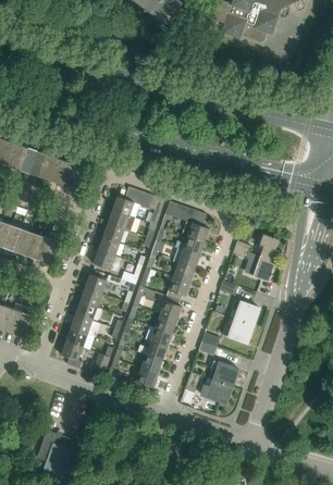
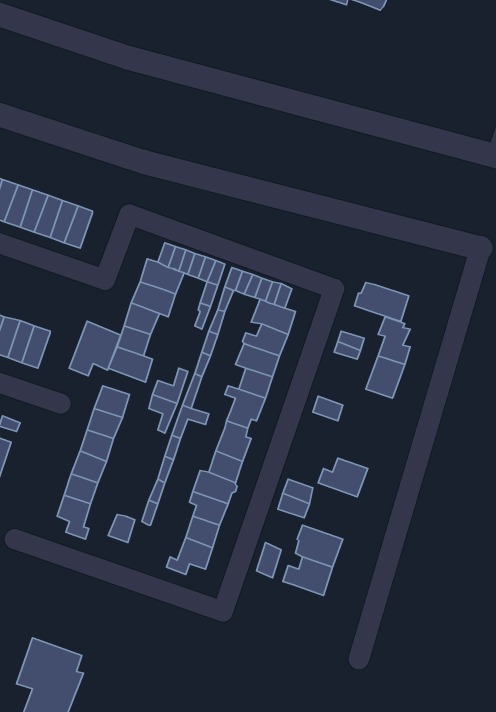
building: none -> [355,283,409,322]
building: none -> [69,321,121,376]
building: [231,299,259,325] -> none

